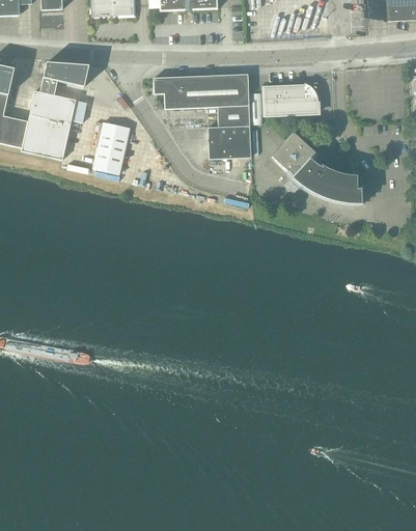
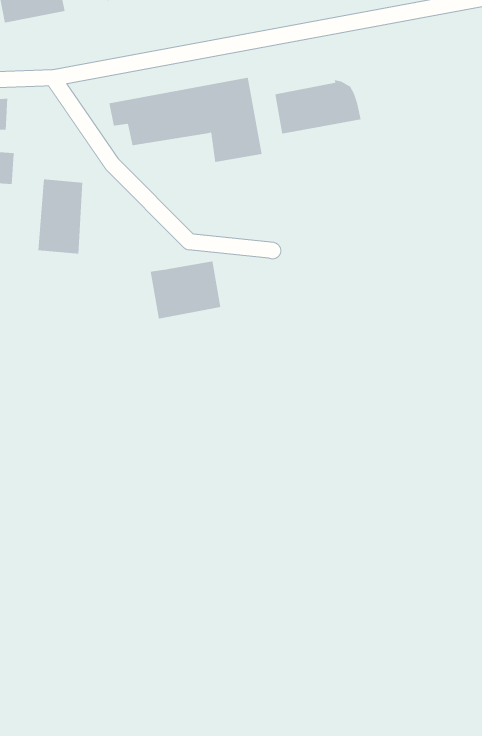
building: [207,125,251,159] -> [150,261,221,319]
building: [272,133,362,204] -> none

